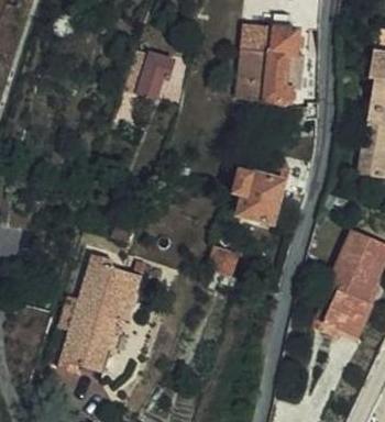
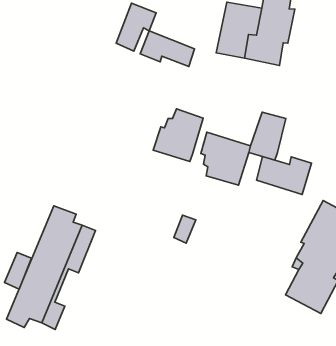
building: none -> [140,31,194,66]
building: none -> [153,109,203,161]
building: none -> [256,157,312,195]

